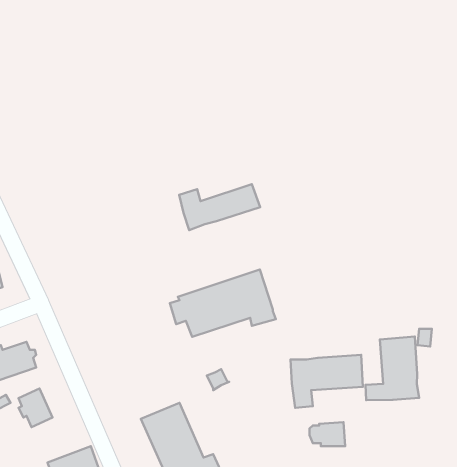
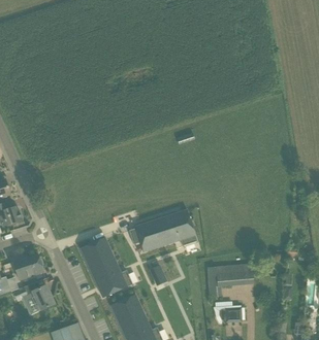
building: [179,184,260,230] -> none
building: none -> [79,236,132,297]
building: [365,337,419,400] -> none

